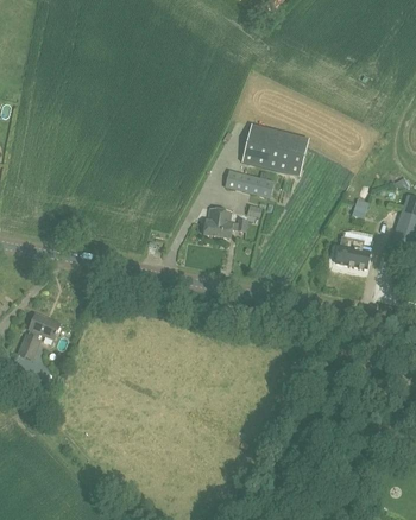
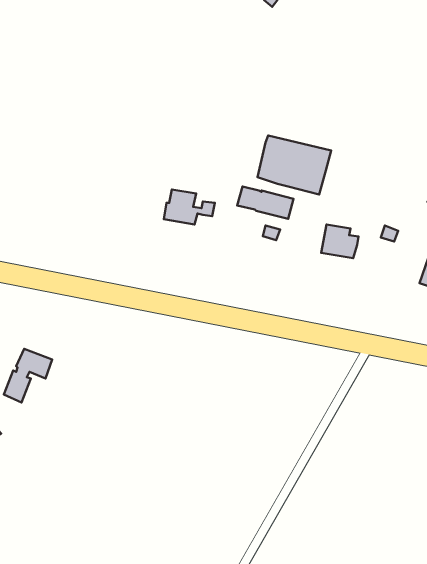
building: [202,207,247,237] -> [164,190,215,224]
building: [336,236,370,266] -> [321,225,359,258]

